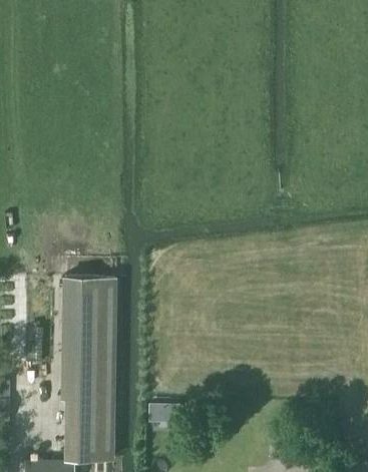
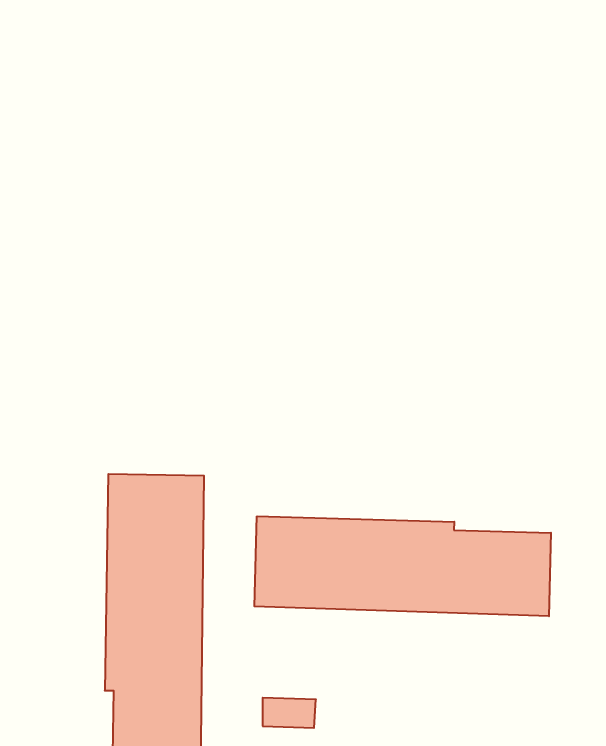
building: none -> [254,516,551,616]

